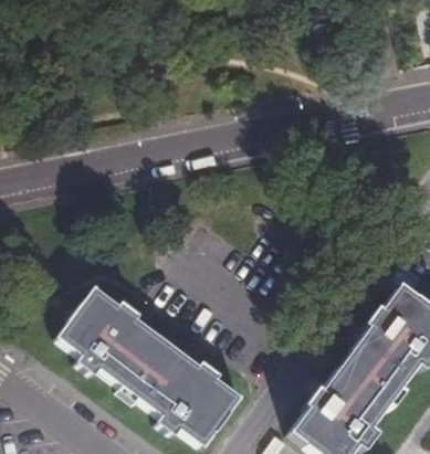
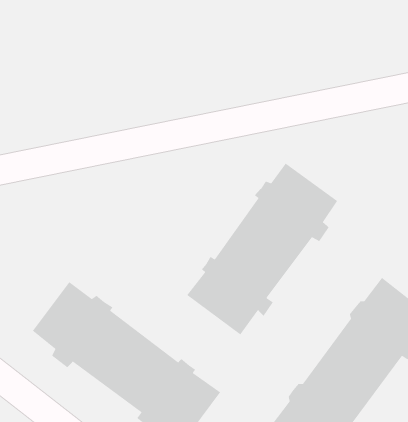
building: none -> [186,162,338,335]

